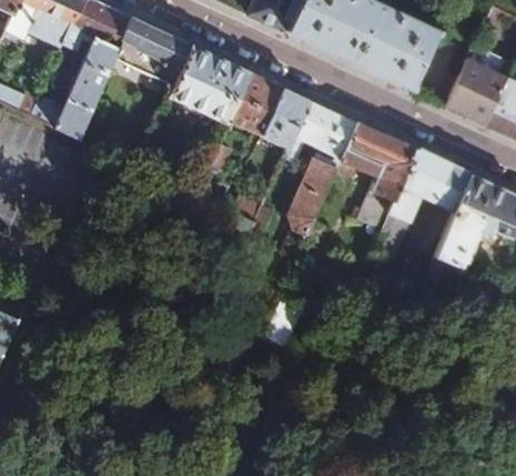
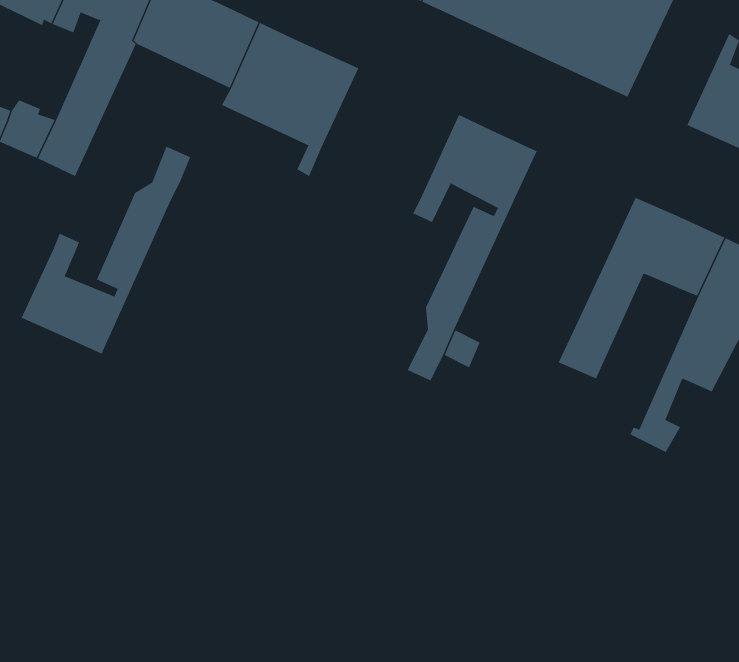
building: [226,71,308,148] -> none
building: none -> [21,146,191,355]
building: [334,121,415,230] -> none

